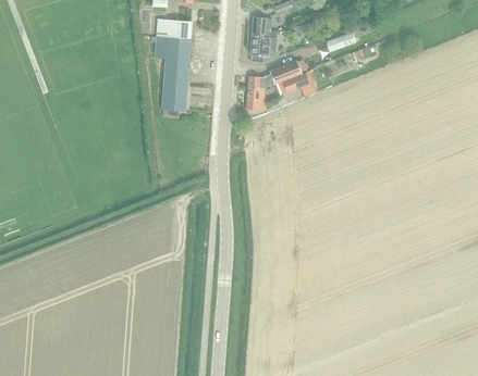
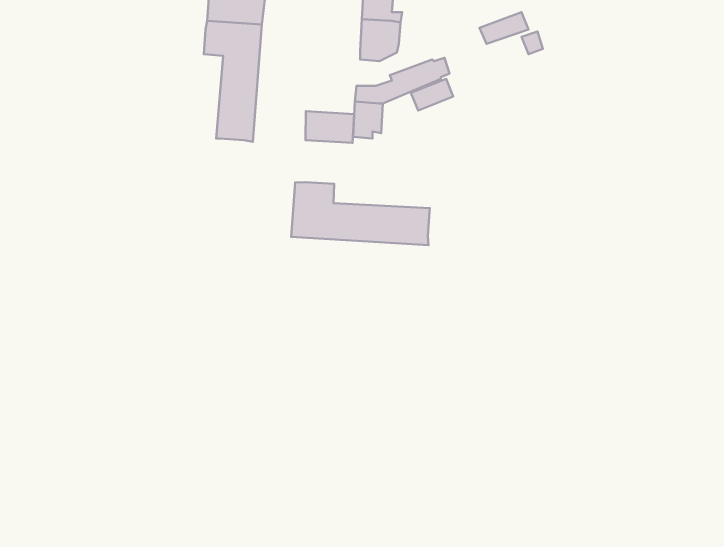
building: none -> [306,111,354,143]
building: none -> [291,182,430,245]

